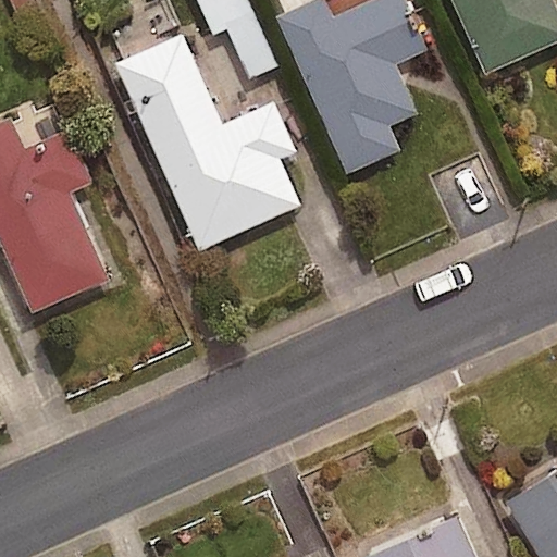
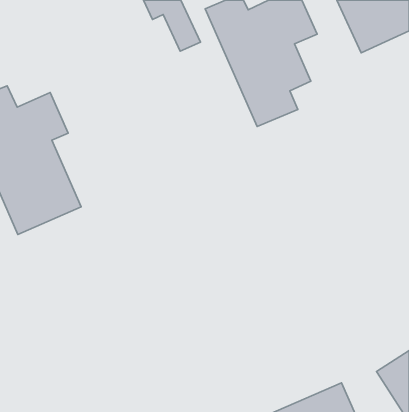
building: [114,32,300,248] -> none

